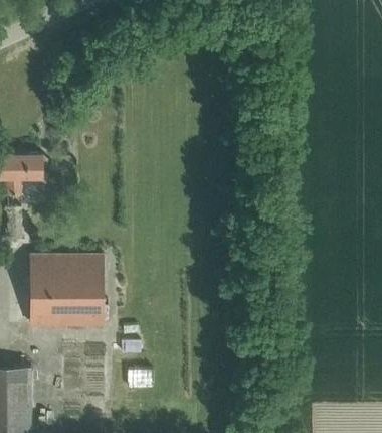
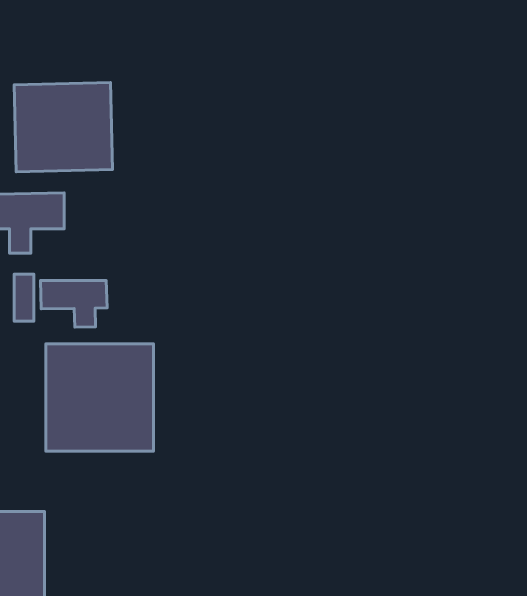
building: none -> [14,83,112,172]
building: none -> [40,281,107,327]

